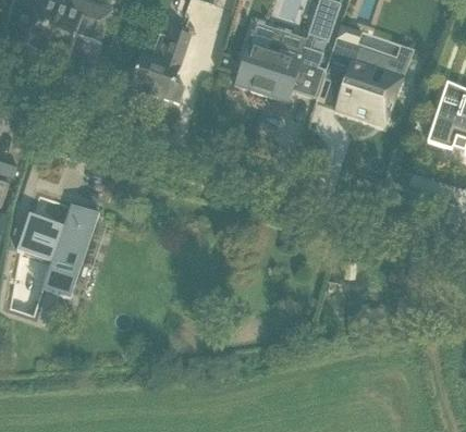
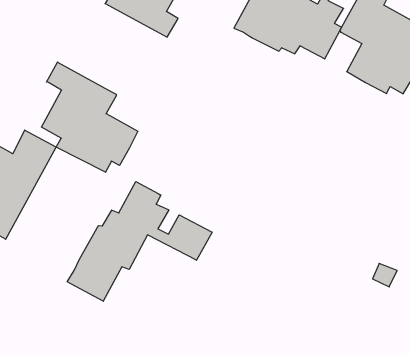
building: none -> [41,62,138,172]
building: none -> [67,182,212,301]

